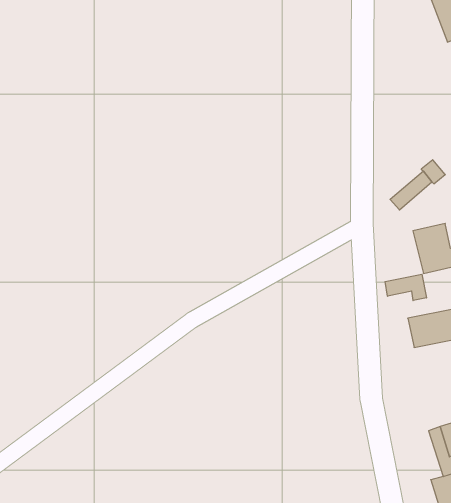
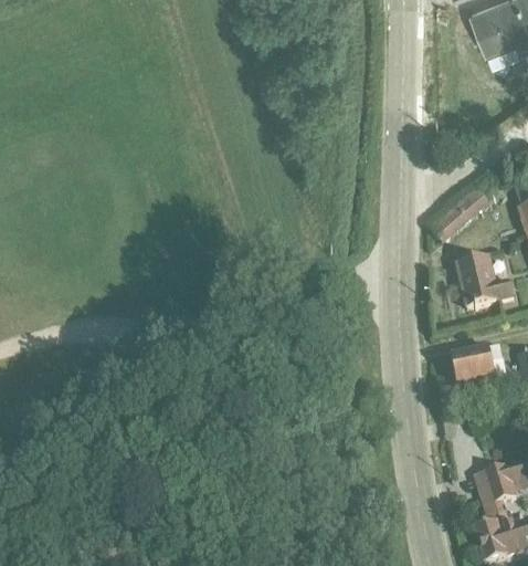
building: [385,274,426,301] -> none

